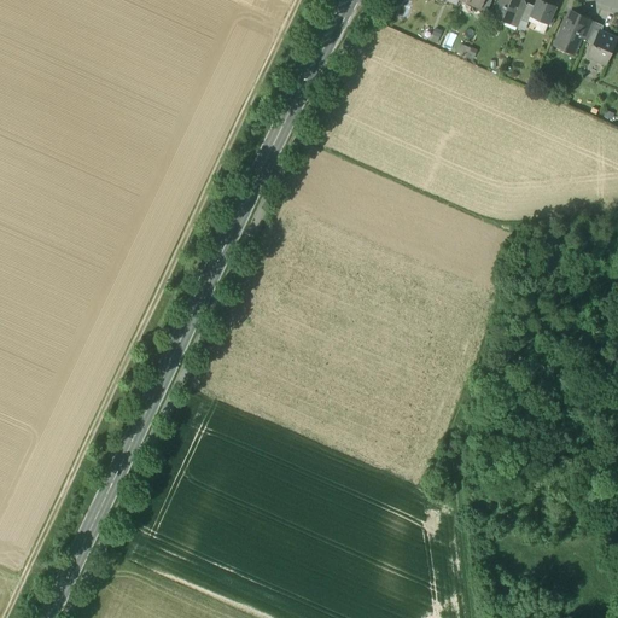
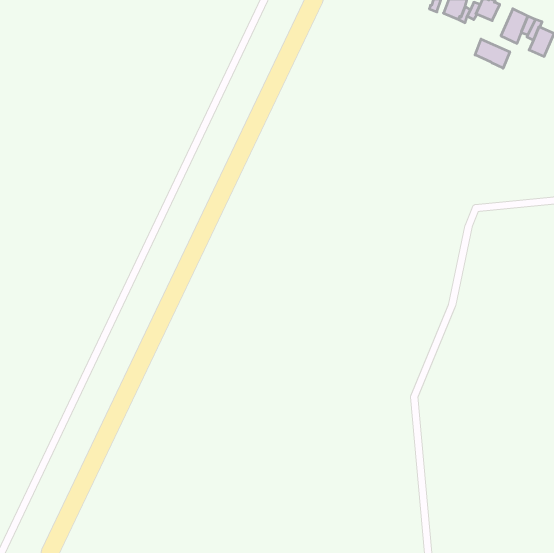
building: none -> [475,39,510,68]

